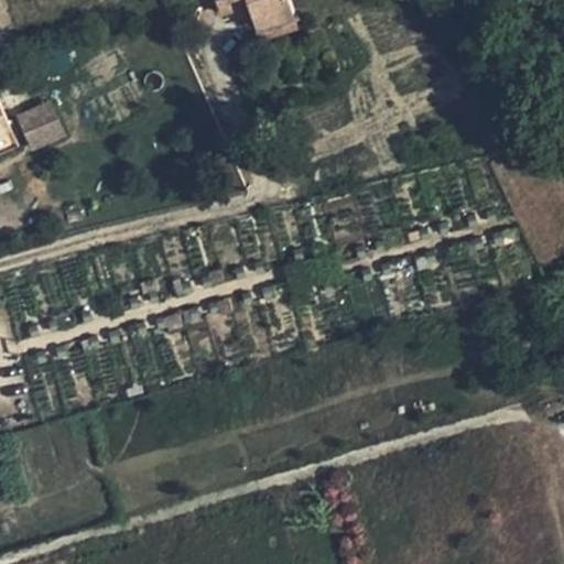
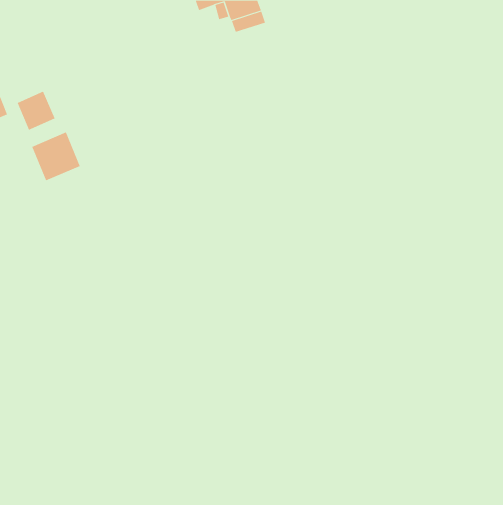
building: none -> [32,132,81,181]

